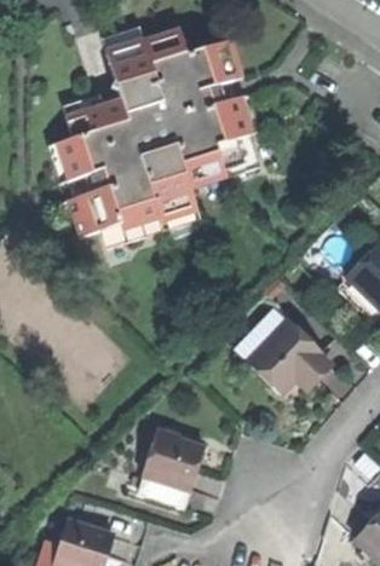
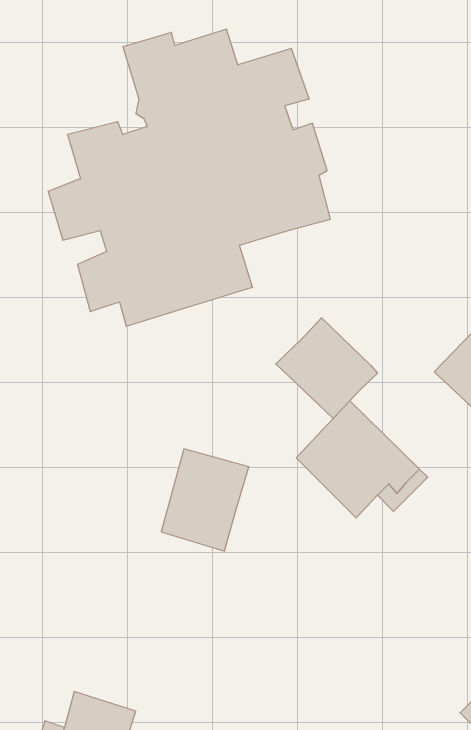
building: none -> [276,318,378,419]
building: [138,426,203,502] -> [161,449,249,551]

